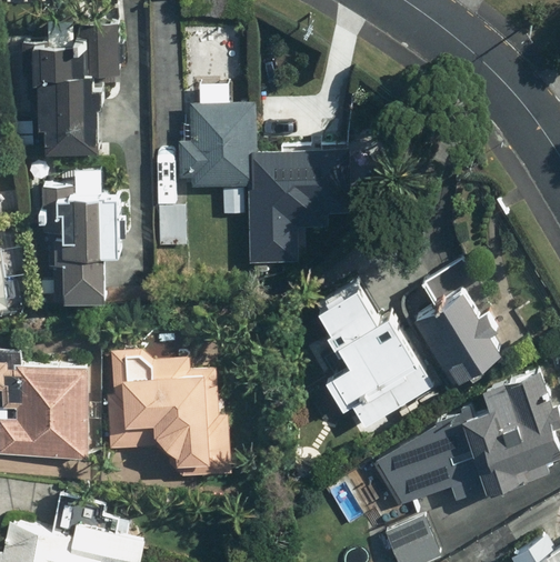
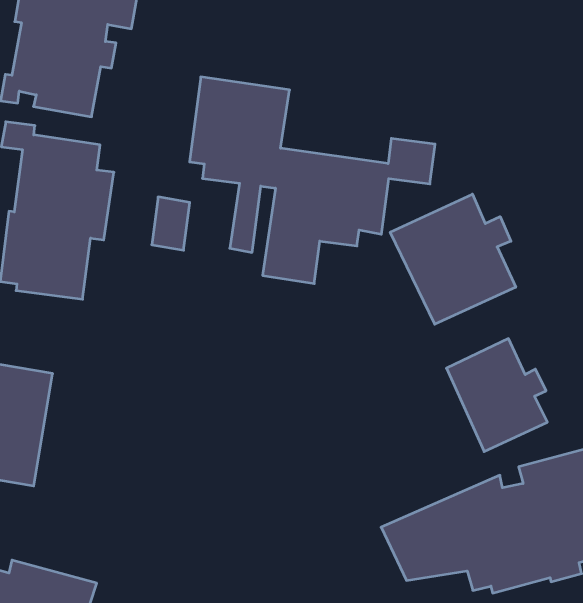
building: none -> [390,194,516,324]
building: [308,280,433,432] -> none
building: [108,352,232,480] -> none

